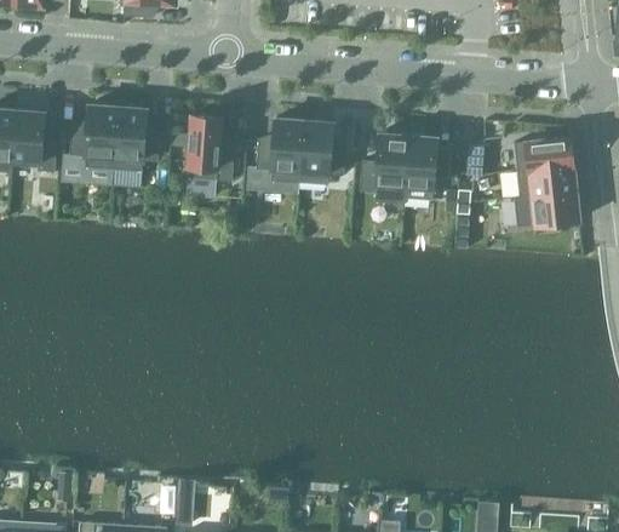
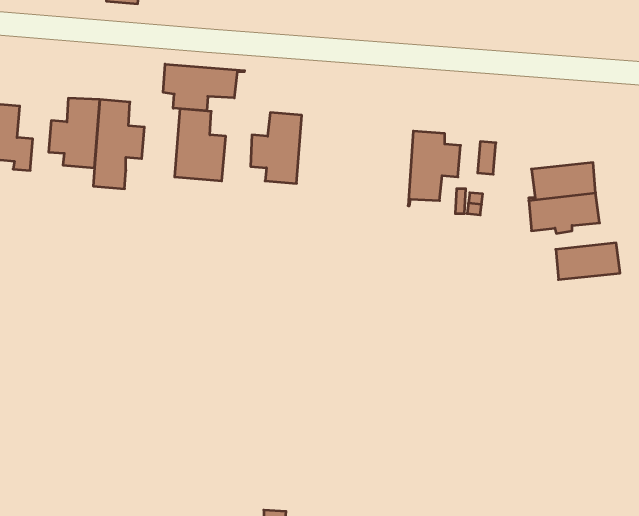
building: none -> [163,64,245,111]
building: [299,121,345,185] -> none
building: [360,135,407,205] -> none
building: [514,137,573,171] -> [556,243,620,280]

